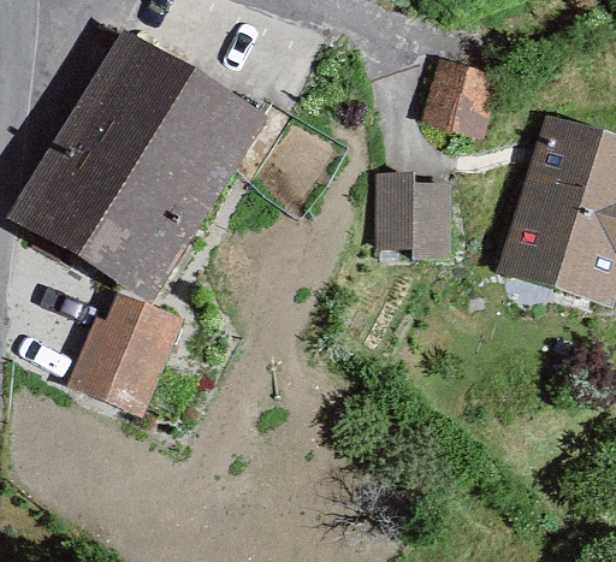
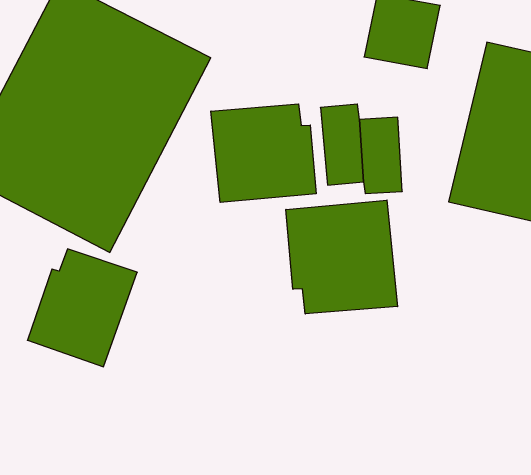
building: none -> [211,104,316,202]
building: none -> [286,200,398,314]

